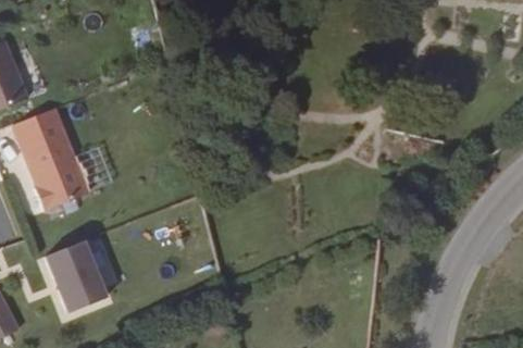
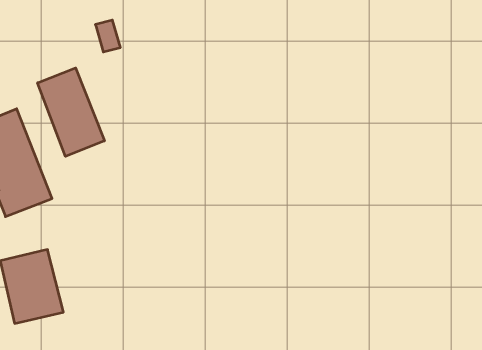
building: none -> [38,68,104,156]

